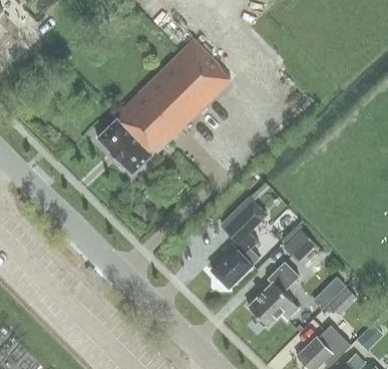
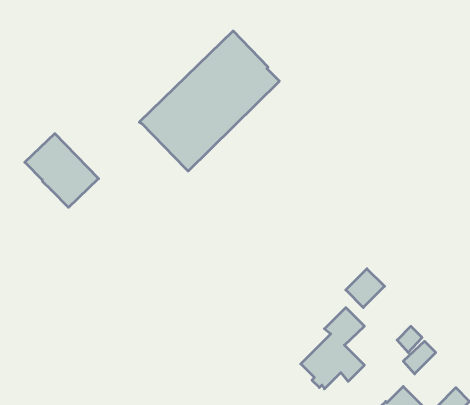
building: [96,114,155,173] -> [25,134,99,207]
building: [211,200,266,288] -> none

